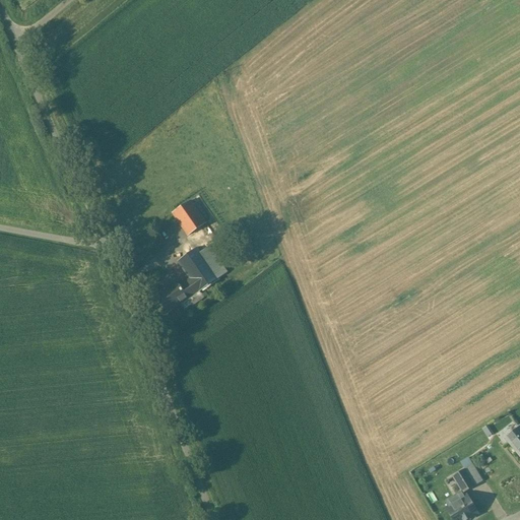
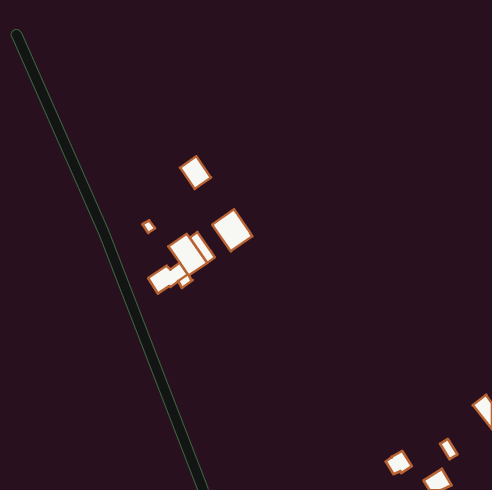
building: [173,199,205,234] -> [180,156,211,189]
building: none -> [213,209,252,251]
building: [447,468,474,493] -> [386,451,412,474]

